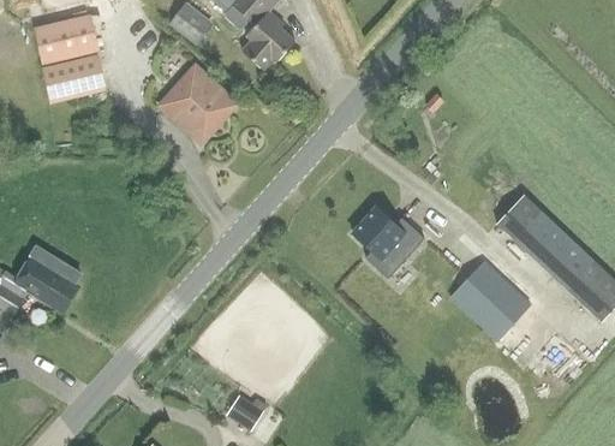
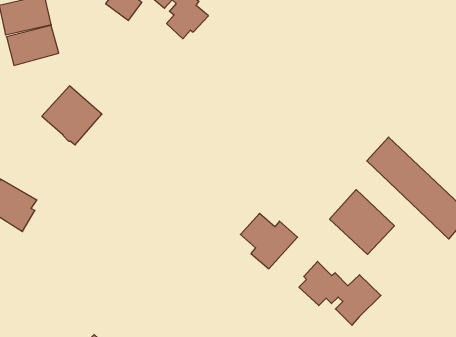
building: [159,65,234,139] -> [42,86,102,145]
building: [352,207,424,276] -> [240,213,298,269]
building: none -> [299,261,381,325]
building: [226,393,264,430] -> none

